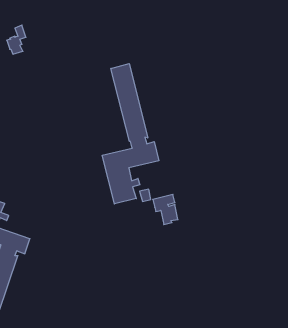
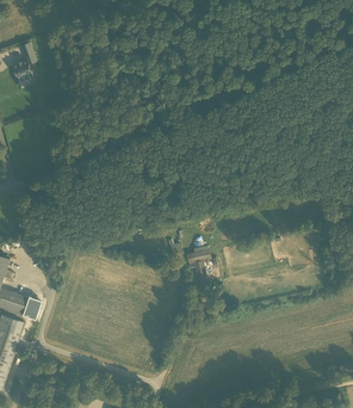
building: [102,64,159,204] -> none

